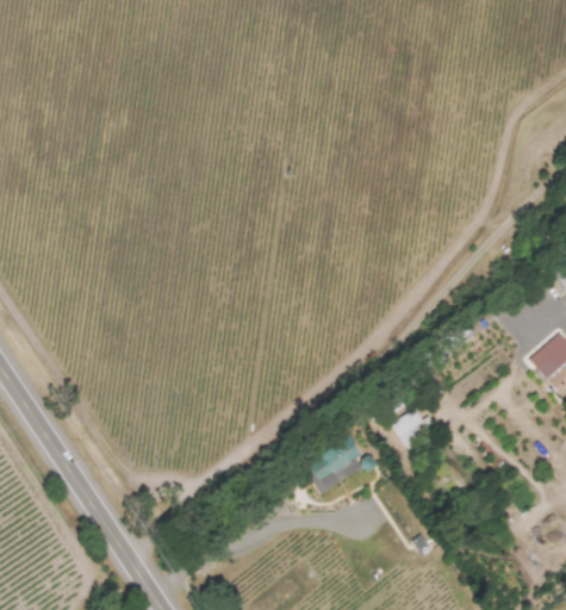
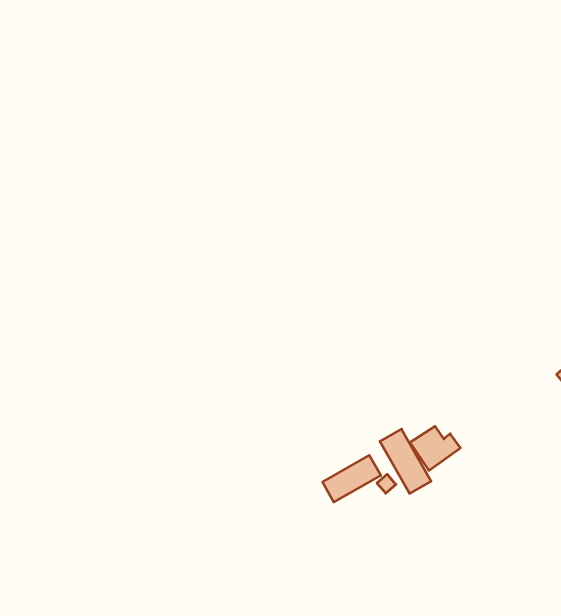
building: none -> [380,429,431,493]

